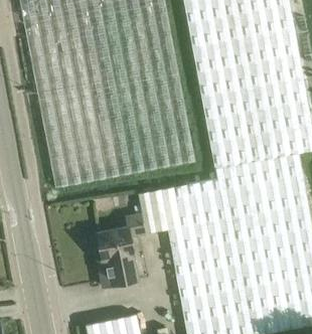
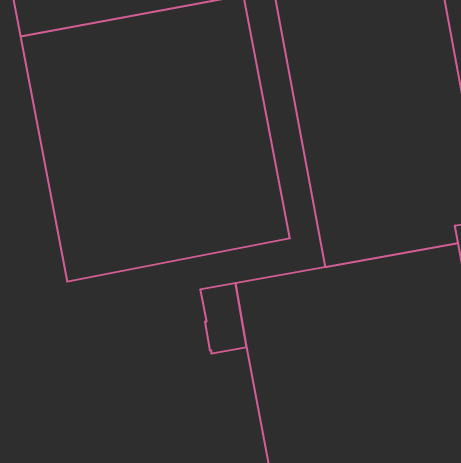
building: [97,212,145,286] -> none

